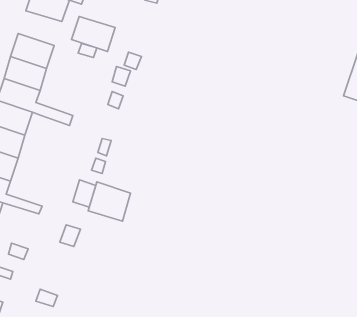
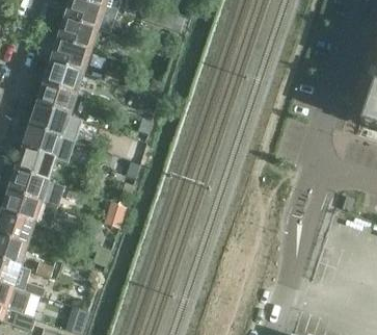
building: [72,16,115,51] -> [50,41,91,74]
building: [88,182,130,221] -> none

